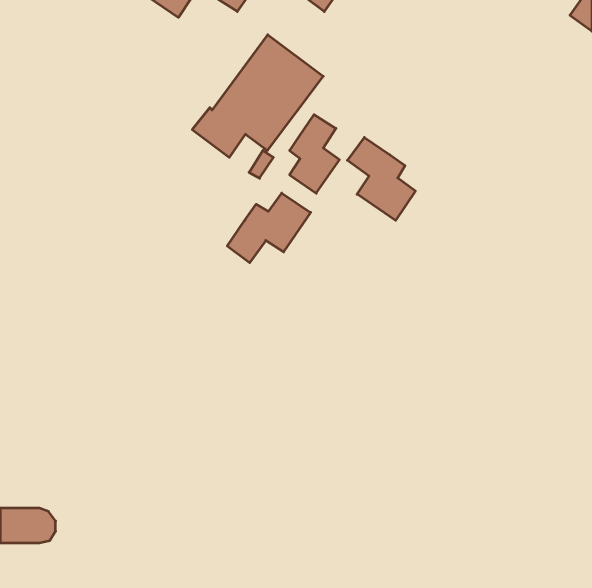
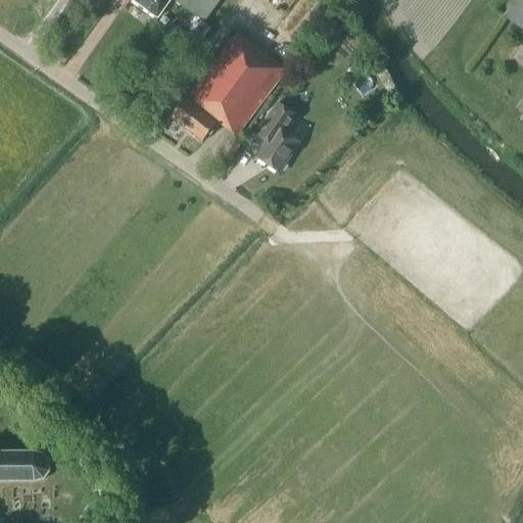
building: [347,137,415,220] -> none
building: [227,193,311,263] -> none

